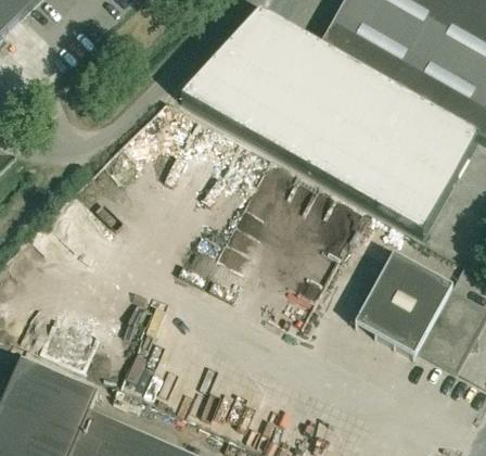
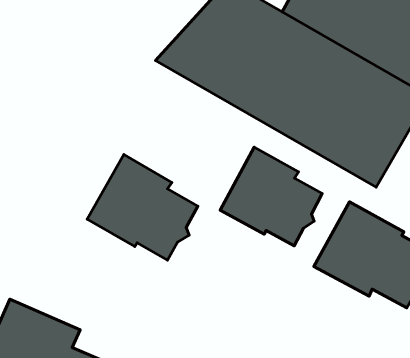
building: none -> [220,147,322,246]
building: none -> [87,155,198,260]

